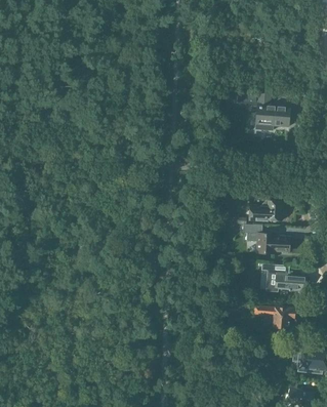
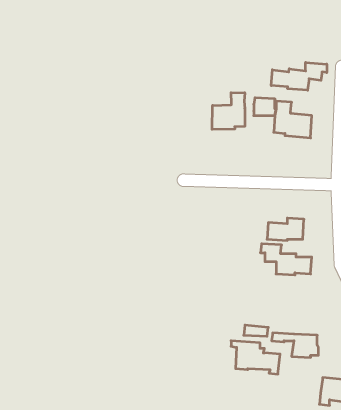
building: none -> [271,62,327,90]
building: none -> [212,93,245,129]
building: [262,266,308,296] -> [231,341,280,374]

